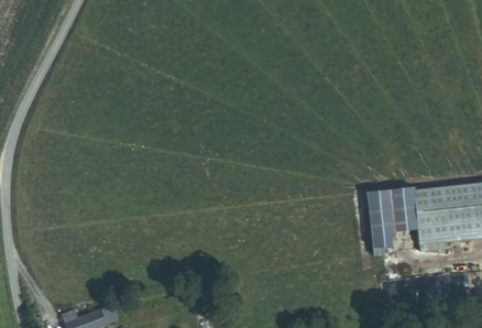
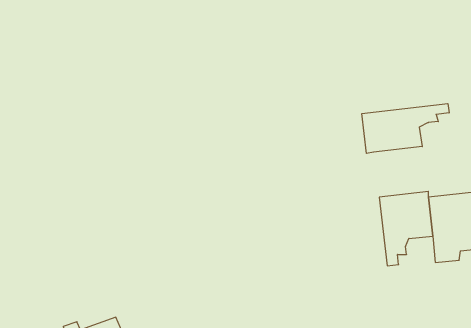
building: none -> [362,104,449,153]

